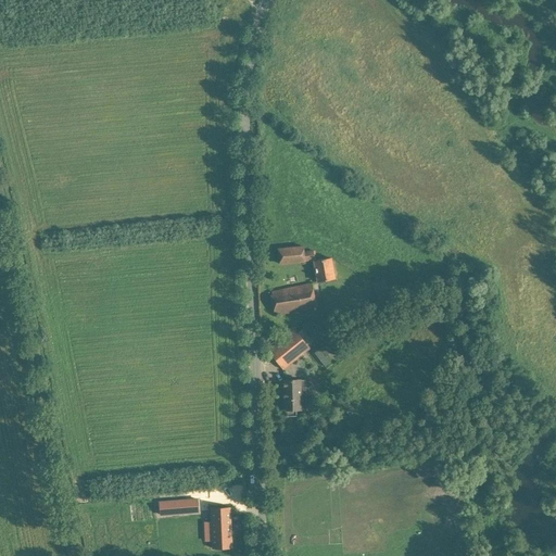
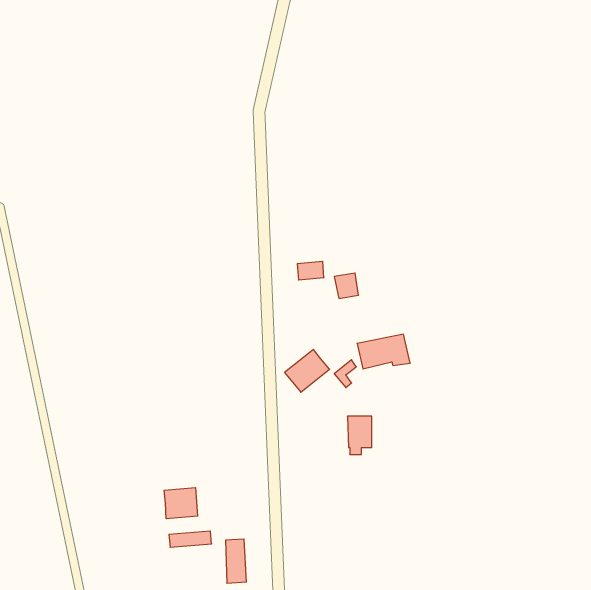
building: [268,282,318,315] -> [357,334,410,369]
building: [283,379,306,415] -> [347,416,372,454]
building: none -> [164,488,198,519]

